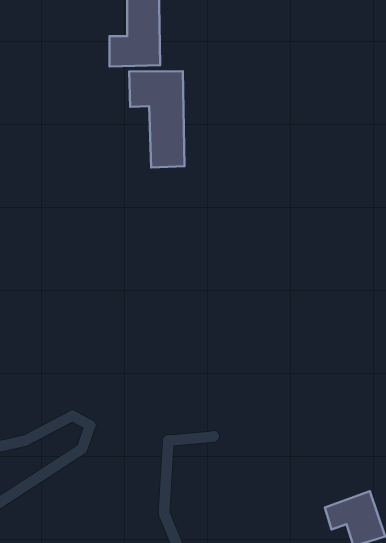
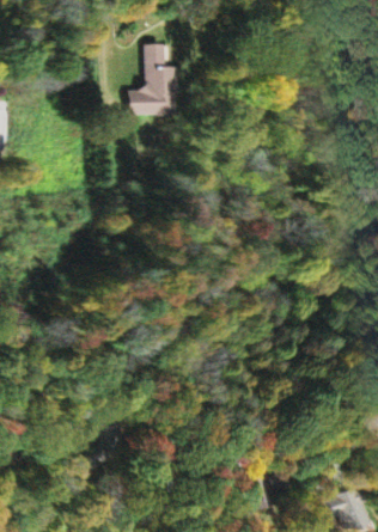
building: [129,71,184,167] -> none

